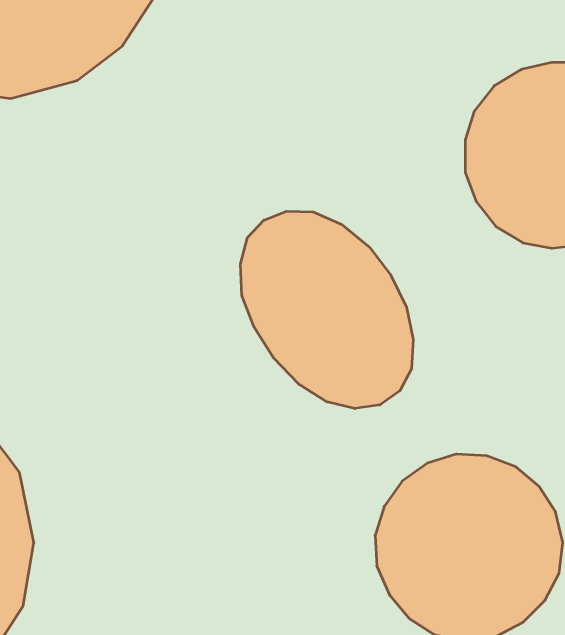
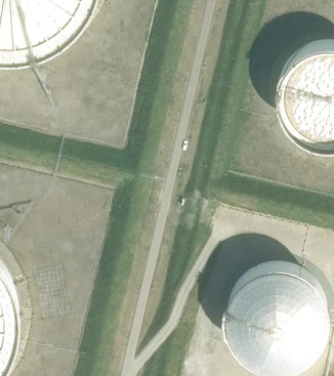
building: [240,211,413,409] -> none

